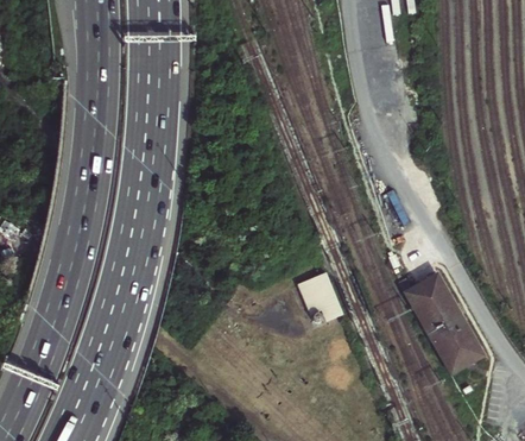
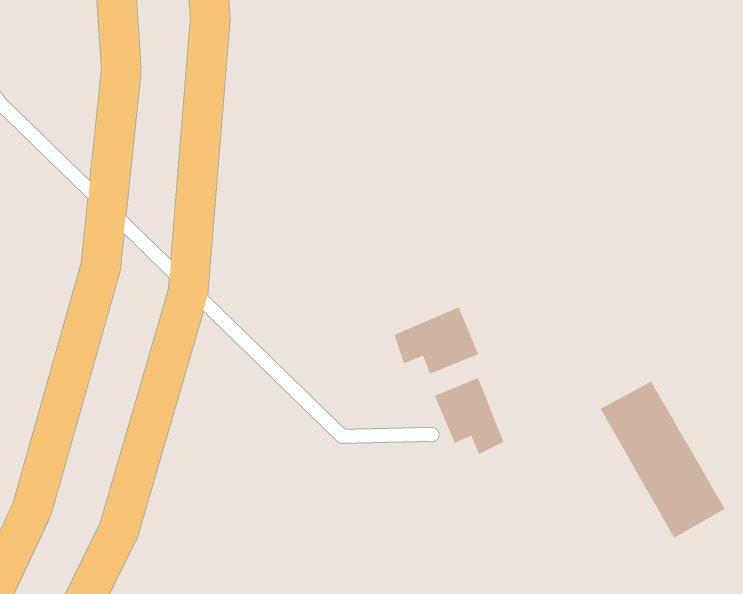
building: none -> [393,306,479,375]

